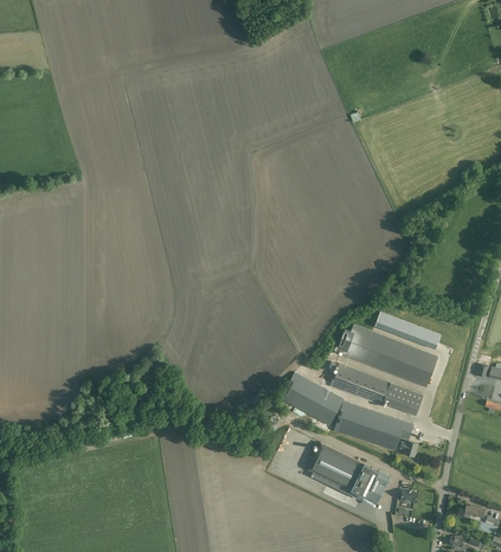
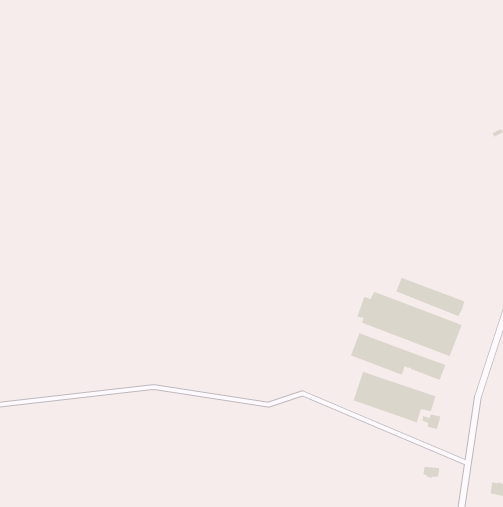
building: [281,372,343,425] -> none
building: [307,442,390,505] -> none

